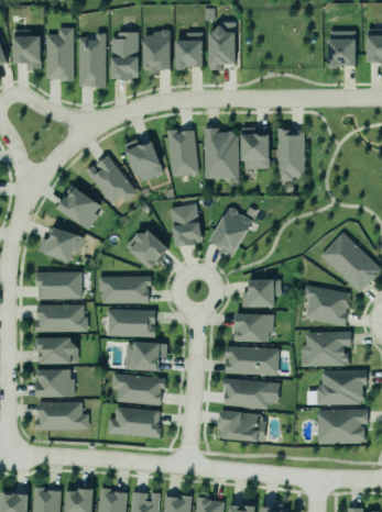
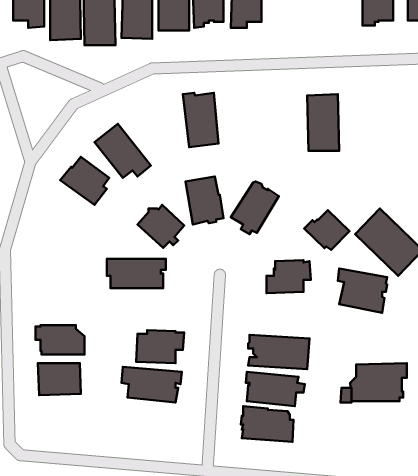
building: [204,127,238,179] -> none
building: [242,129,271,170] -> none
building: [125,141,164,182] -> none
building: [39,225,85,260] -> none
building: none -> [304,210,349,250]
building: [34,271,81,299] -> none
building: [37,305,87,333] -> none
building: [106,309,155,337] -> none
building: [233,312,274,342] -> none
building: [301,331,351,367] -> none
building: [35,401,89,430] -> none
building: [108,409,161,438] -> none
building: [318,409,367,445] -> none

